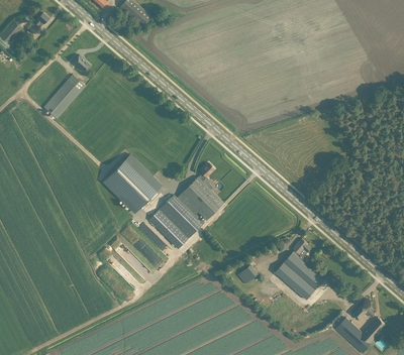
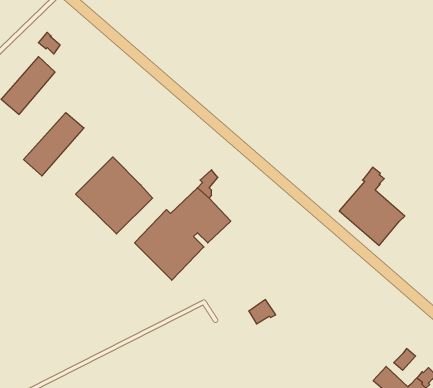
building: none -> [24,113,84,176]
building: [275,238,326,300] -> [339,167,405,246]

